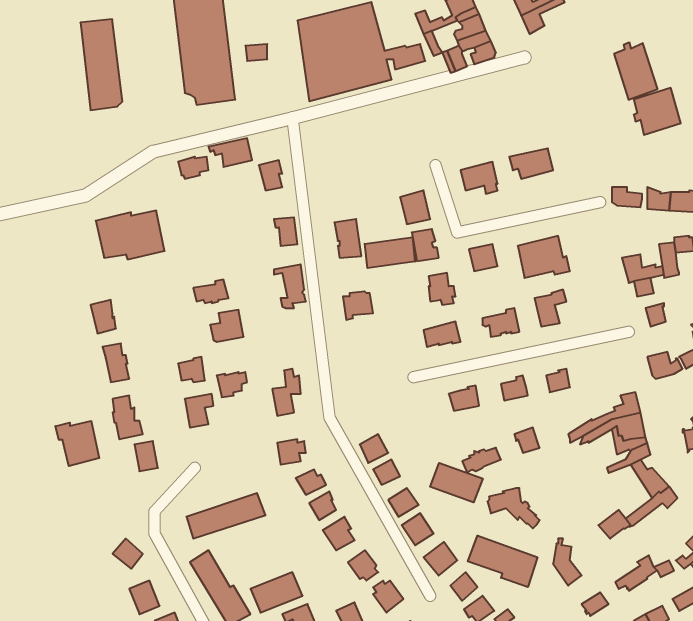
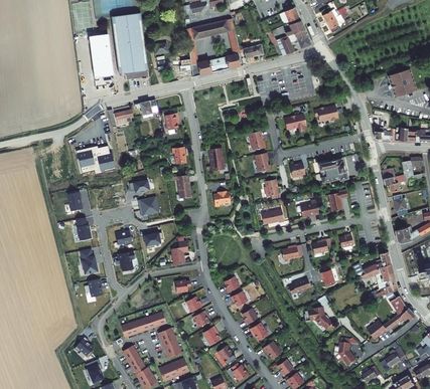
building: [80,19,122,110] -> [90,34,115,88]
building: [614,42,657,100] -> none
building: [365,237,415,268] -> none
building: [55,421,99,466] -> none
building: [430,463,483,502] -> none
building: none -> [158,328,182,358]
building: [468,536,537,587] -> none

